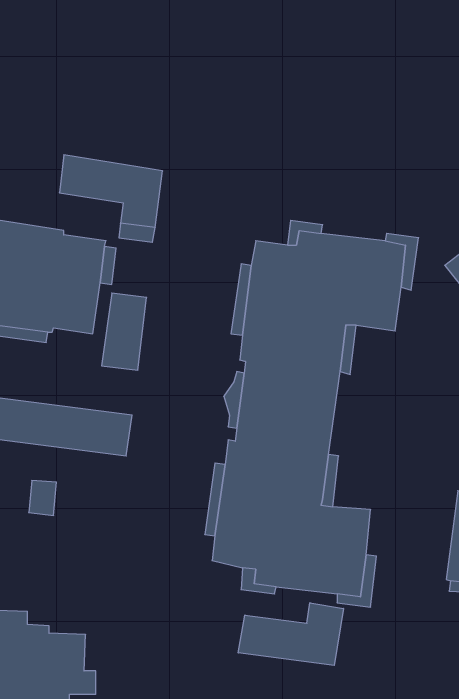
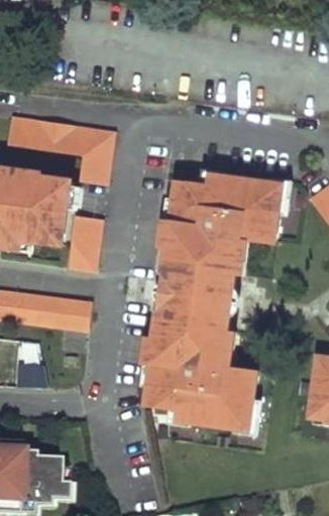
building: none -> [9,118,44,148]
building: [238,603,343,665] -> none

